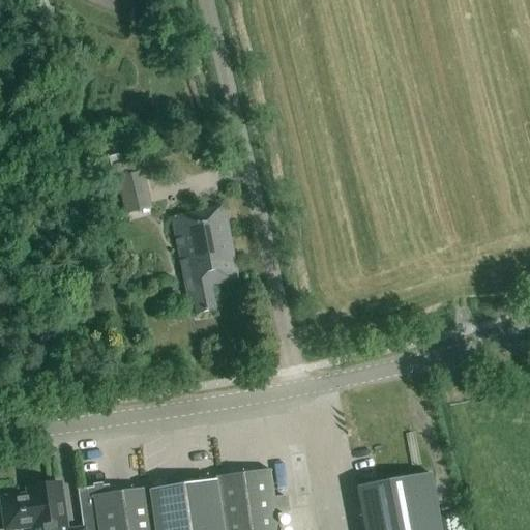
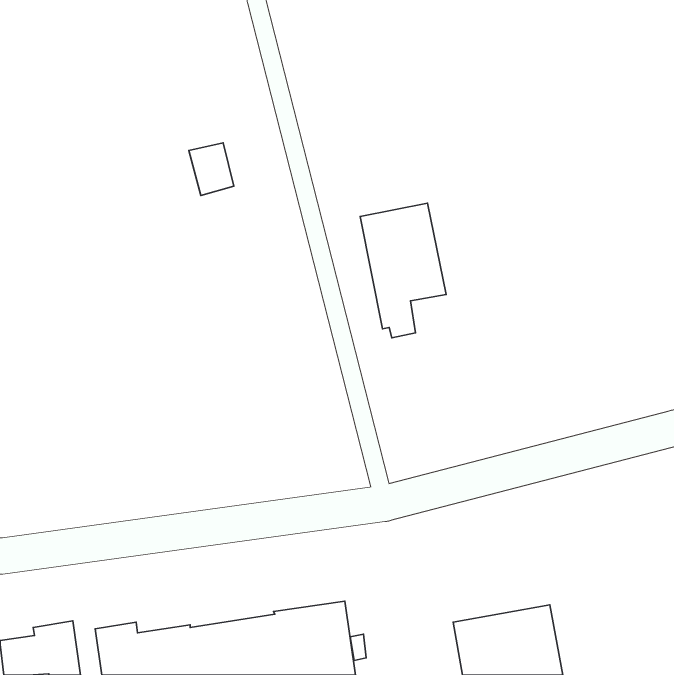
building: [117,173,152,214] -> [189,143,234,196]
building: [172,209,239,315] -> [360,203,446,338]

